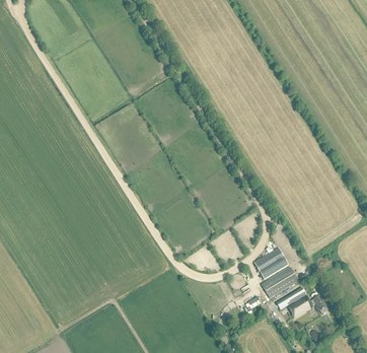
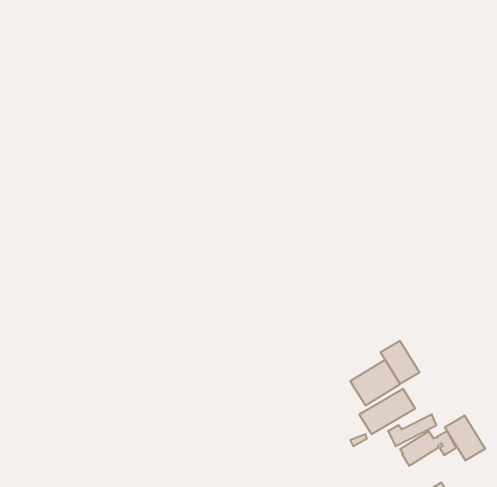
building: none -> [381,341,419,384]
building: none -> [445,415,485,461]

